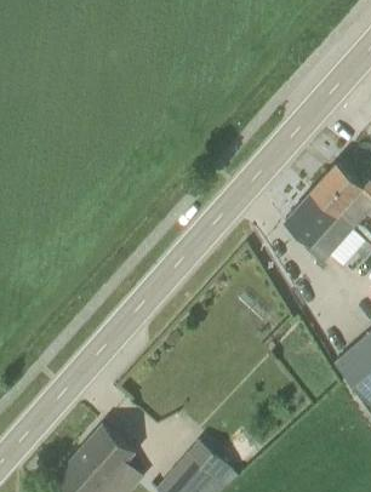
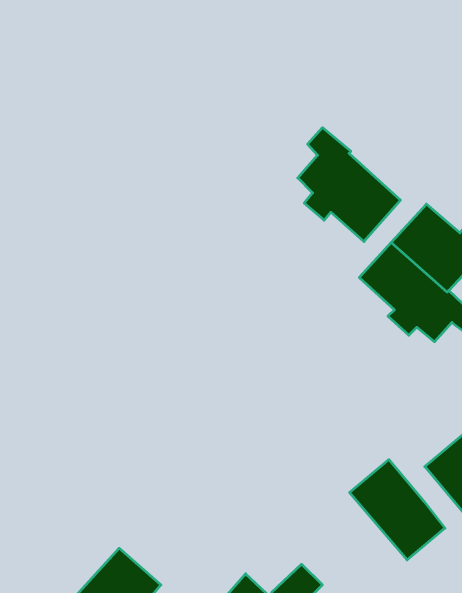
building: none -> [298,128,400,242]
building: none -> [350,460,445,560]

